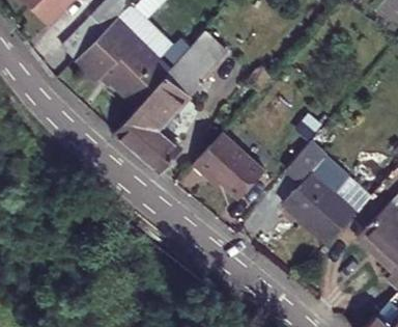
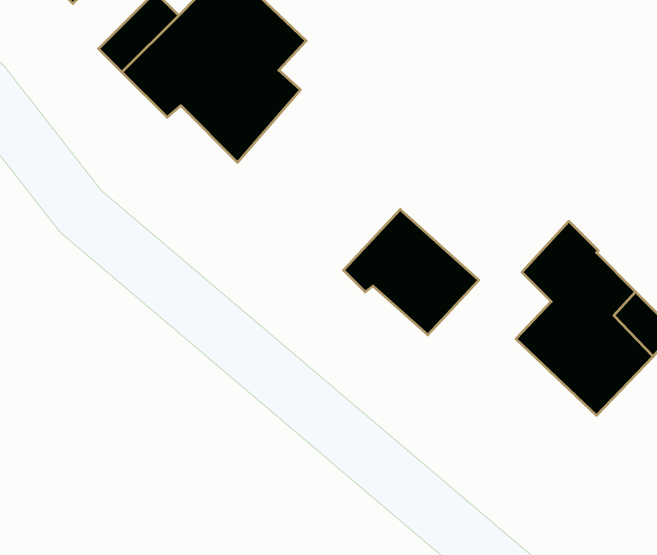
building: [114,30,227,174] -> none

